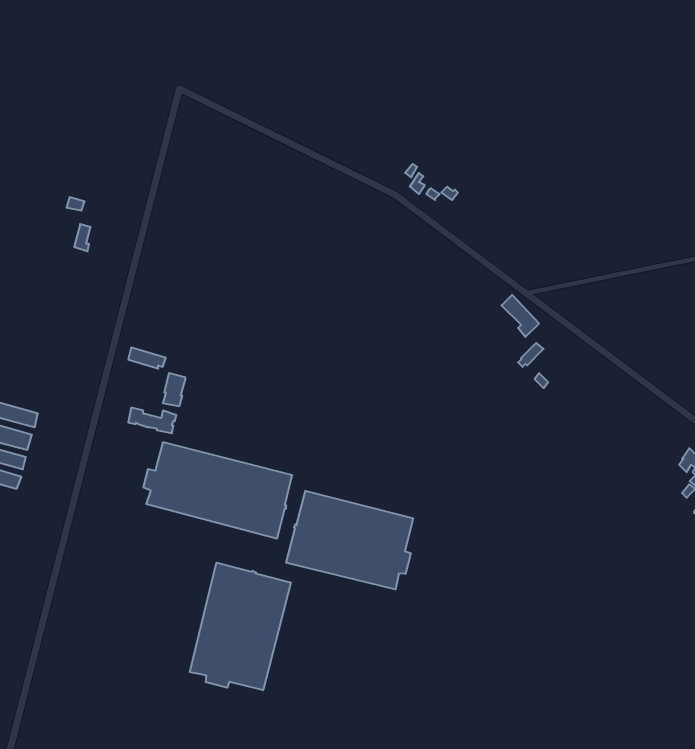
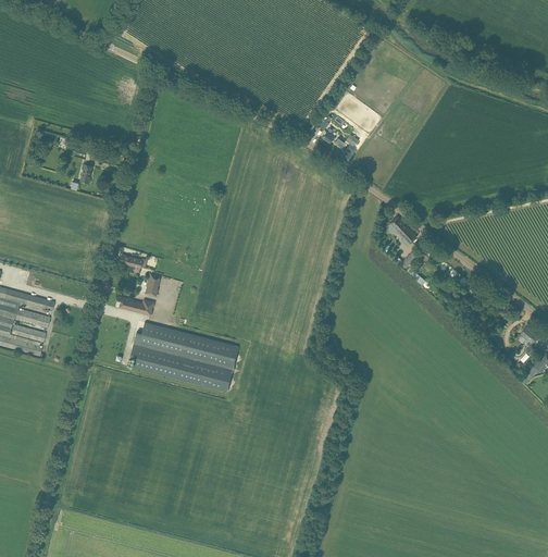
building: [286,491,413,589] -> none
building: [190,563,291,690] -> none

